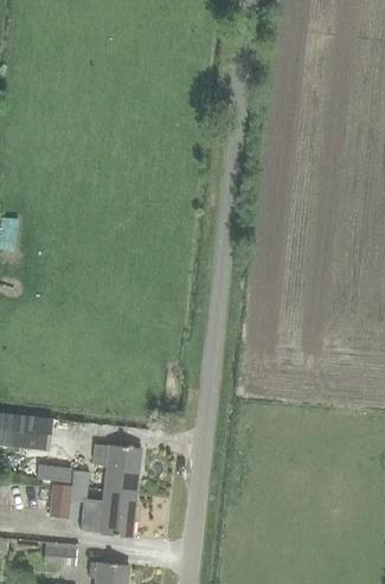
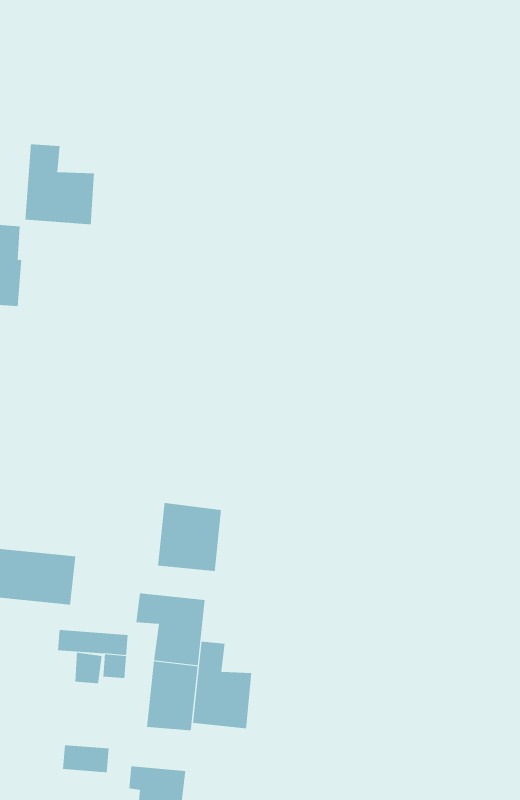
building: none -> [25,144,95,225]
building: none -> [157,502,221,572]
building: none -> [192,641,252,729]

